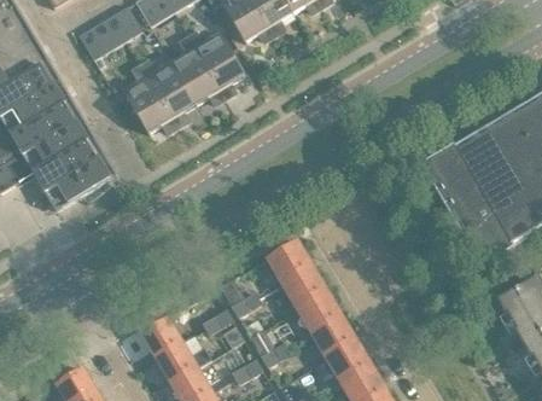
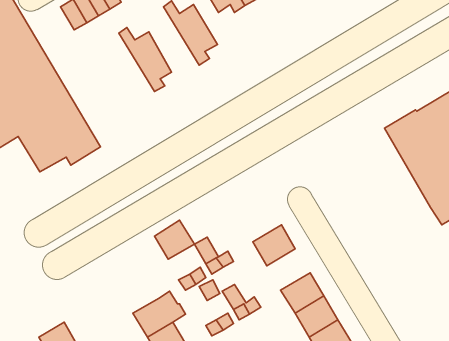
building: [171,35,225,104] -> none
building: [123,63,177,132] -> none
building: [266,240,311,283] -> none
building: [296,290,342,333] -> none
building: [140,316,182,358] -> [154,220,195,259]

